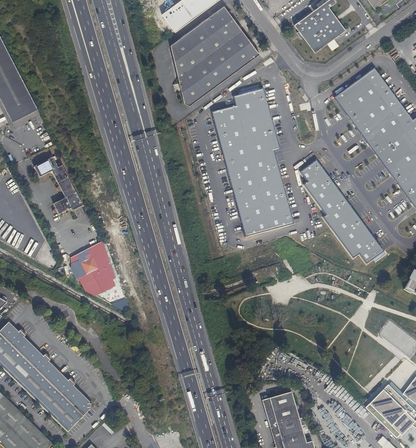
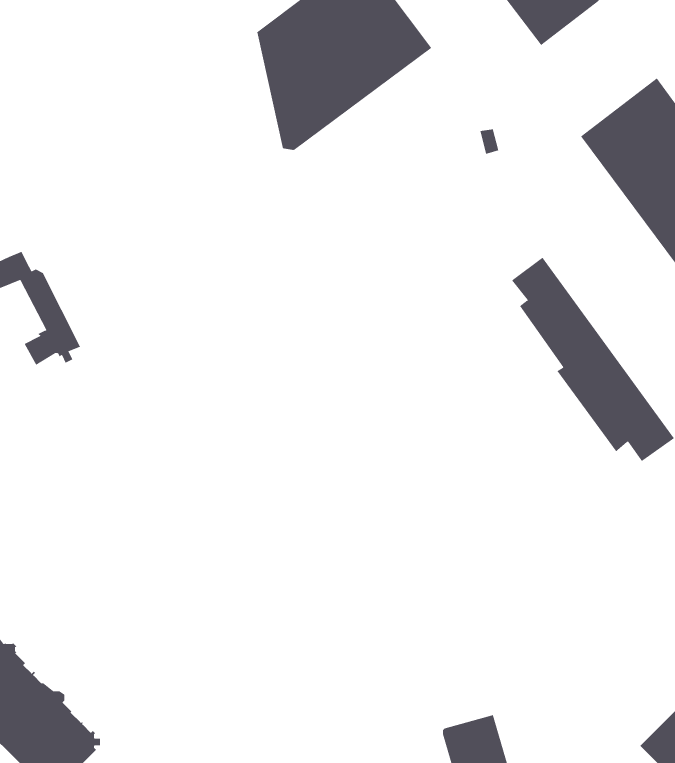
building: [211,88,293,236] -> none
building: [70,241,116,296] -> none

